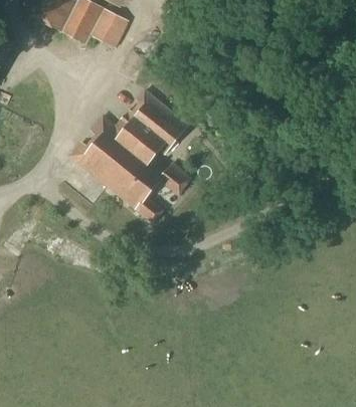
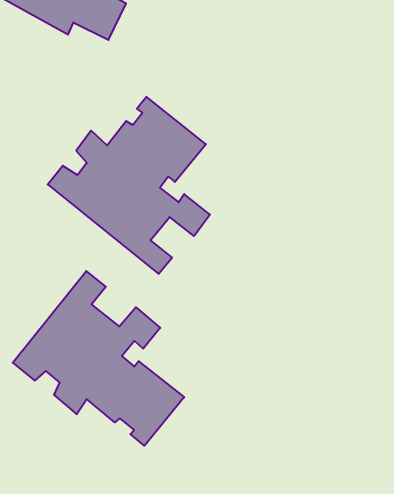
building: none -> [13,271,184,446]

